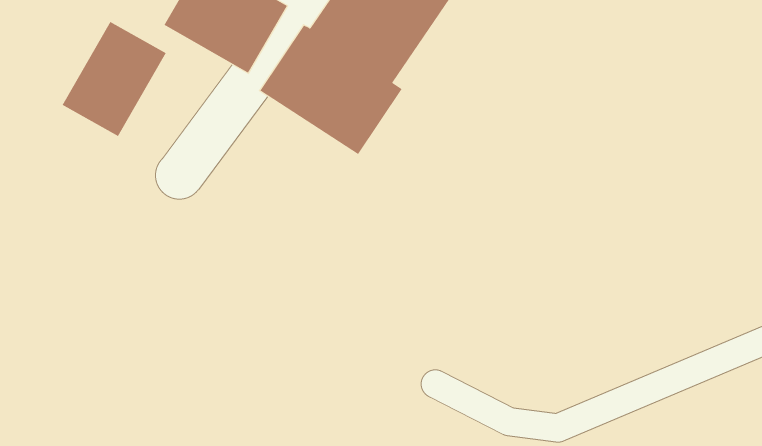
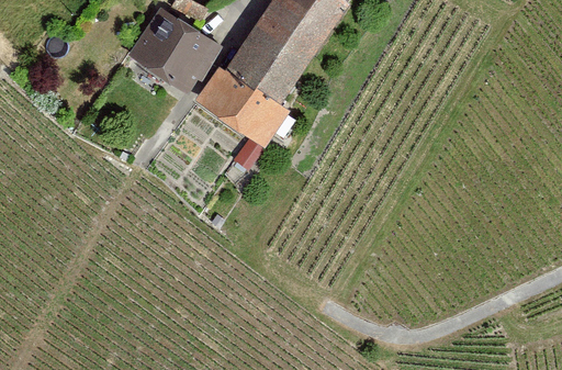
building: [62,21,166,137] -> none

